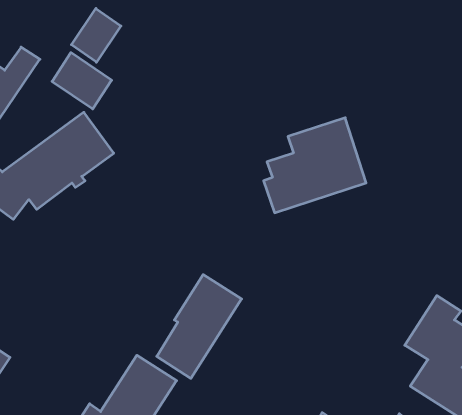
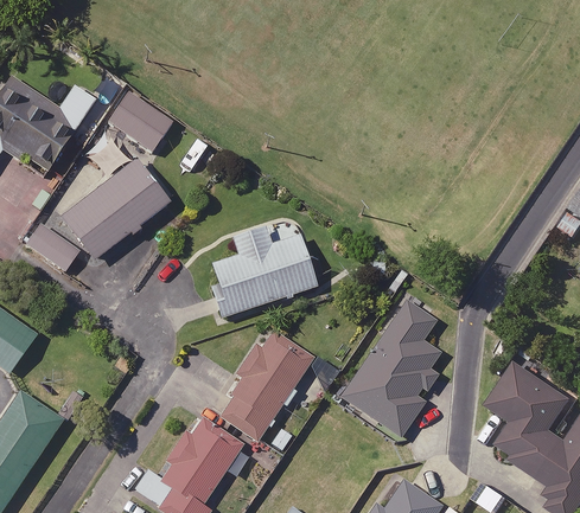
building: [71,8,121,62] -> none
building: [264,118,366,213] -> [206,216,317,318]
building: none -> [339,288,440,440]

